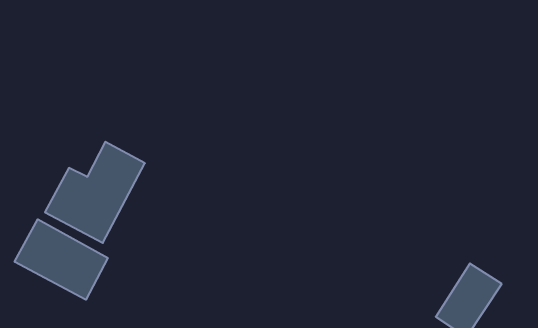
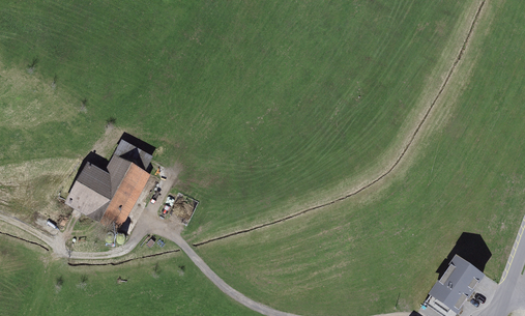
building: [15,219,108,300] -> none

